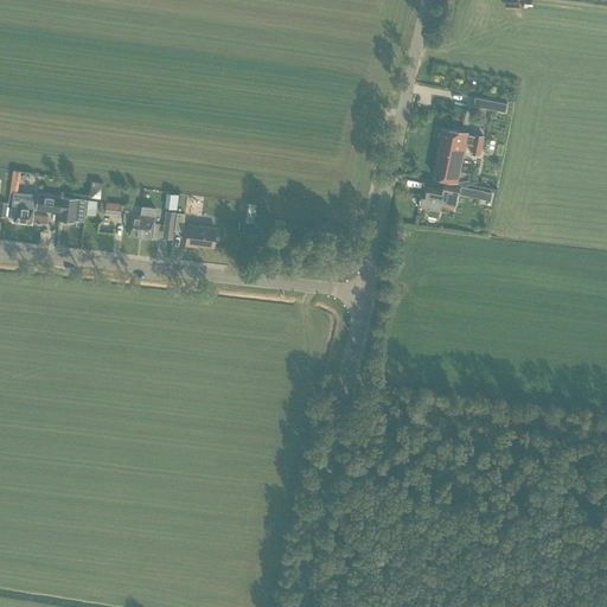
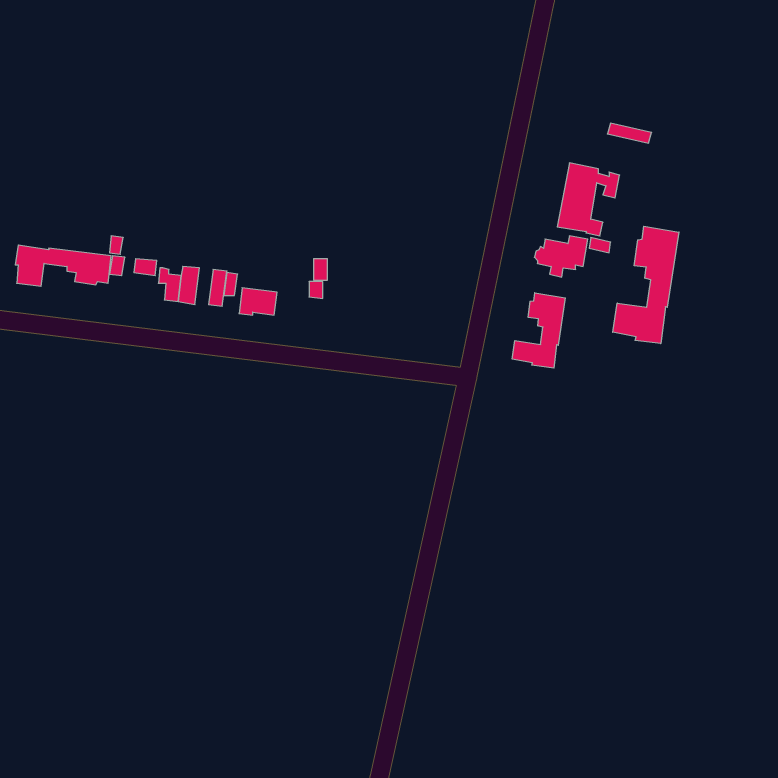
building: none -> [613,226,679,344]
building: none -> [512,293,565,368]

